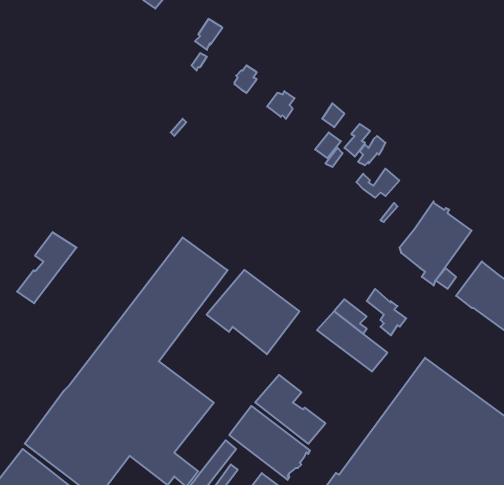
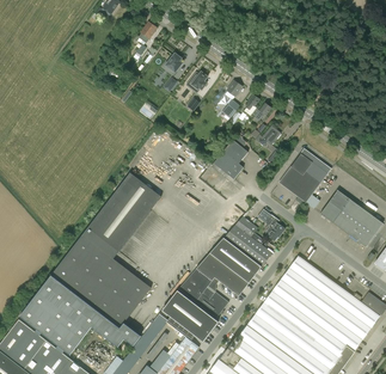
building: none -> [213,134,247,179]
building: [17,232,77,303] -> none
building: [207,270,299,354] -> [196,238,261,296]

